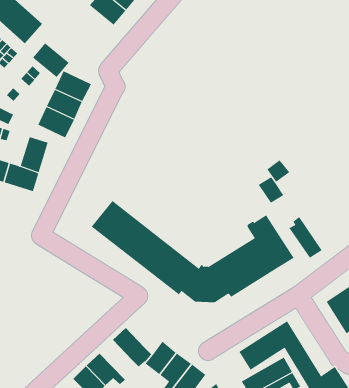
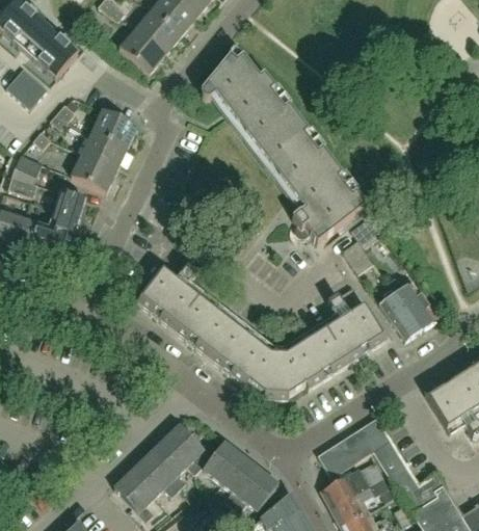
building: none -> [201,47,366,244]
building: [32,42,70,78] -> [118,29,164,73]
building: none -> [387,268,436,329]
building: none -> [147,440,186,488]

